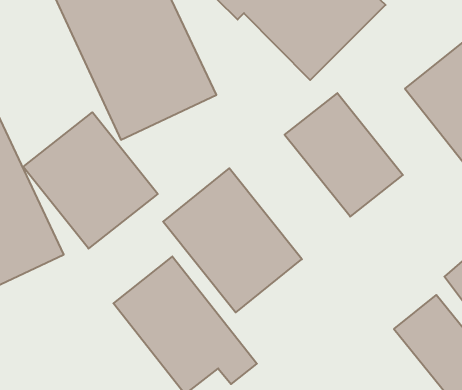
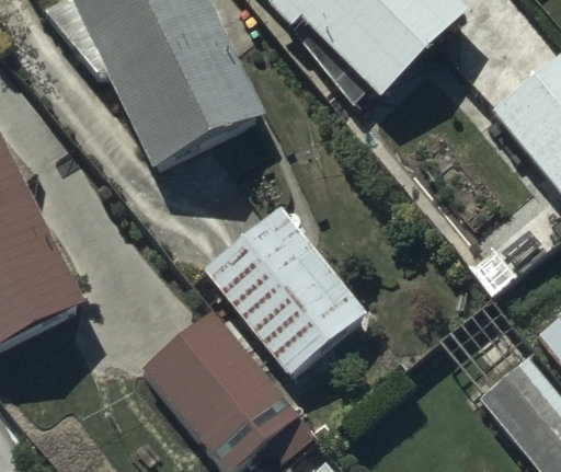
building: [285,93,403,217] -> none
building: [23,112,158,249] -> none

